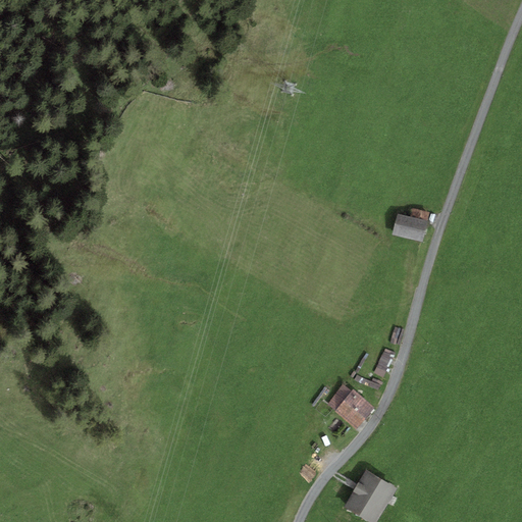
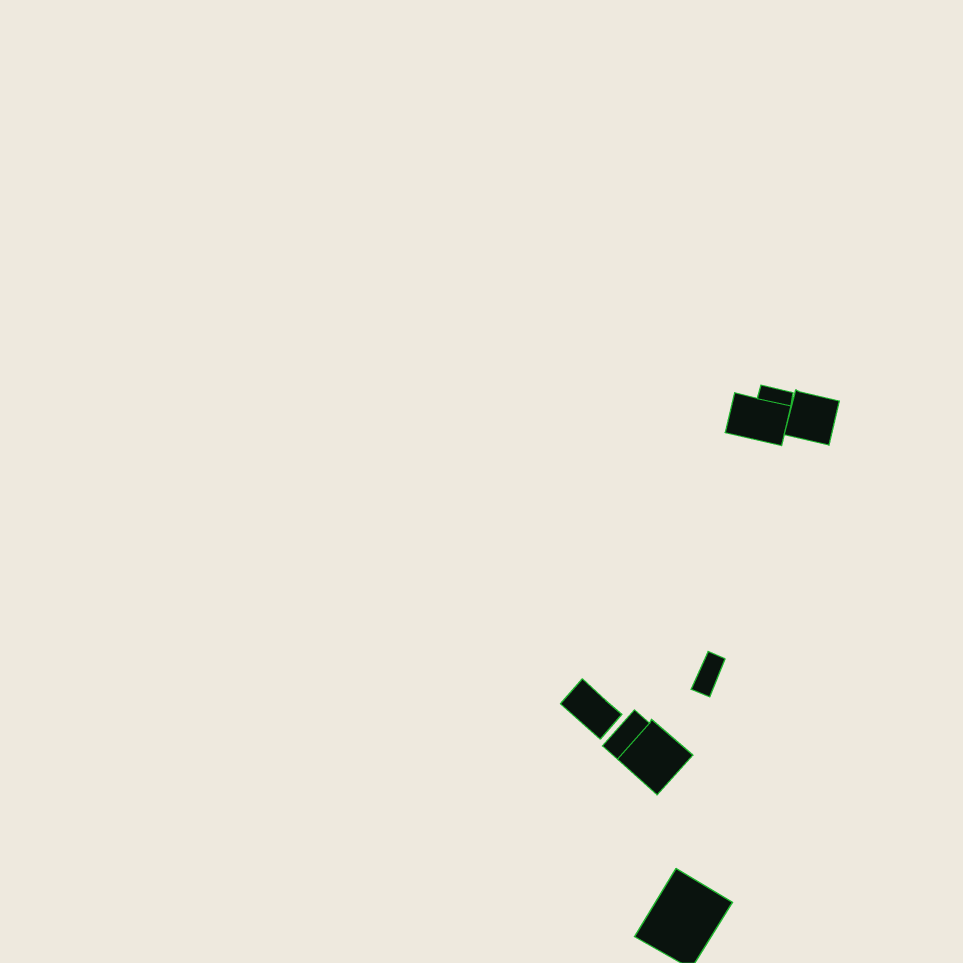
building: none -> [784,390,839,445]
building: none -> [561,679,622,739]

